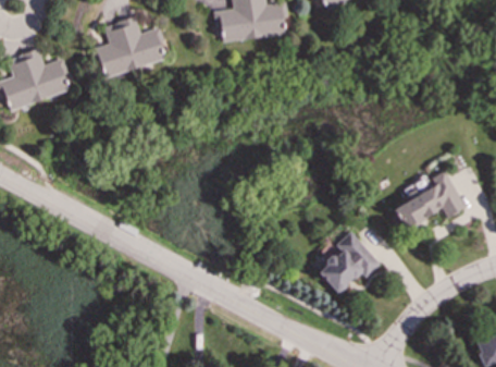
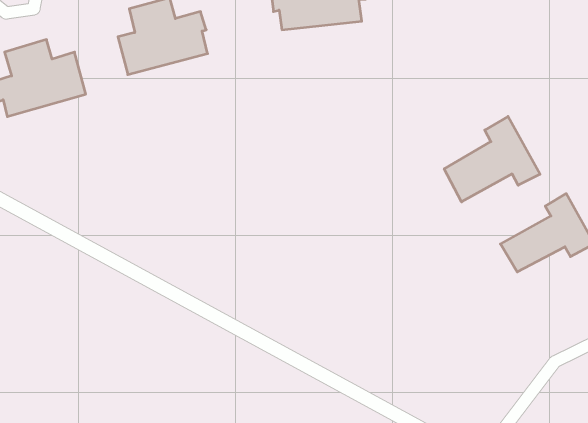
building: none -> [444,116,540,202]
building: [318,232,381,294] -> none

